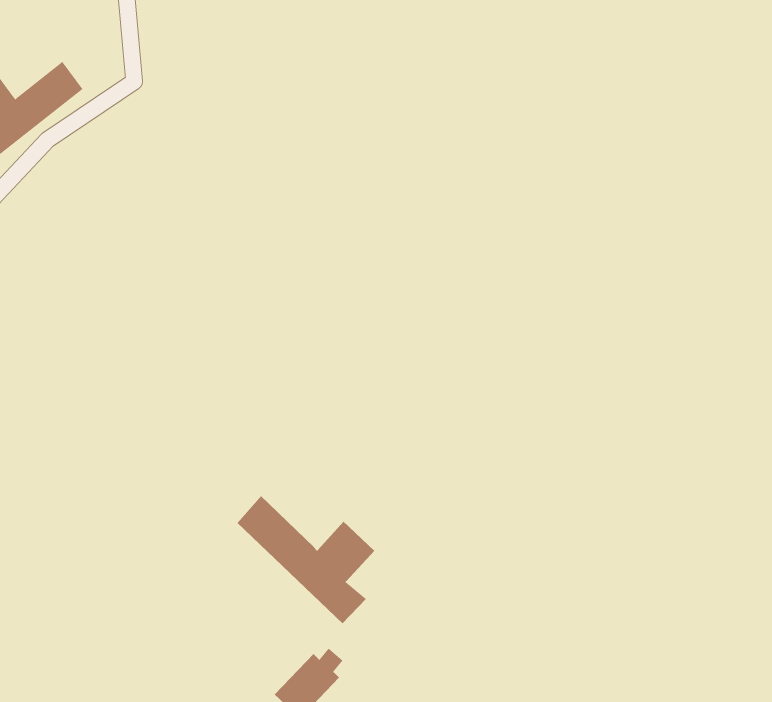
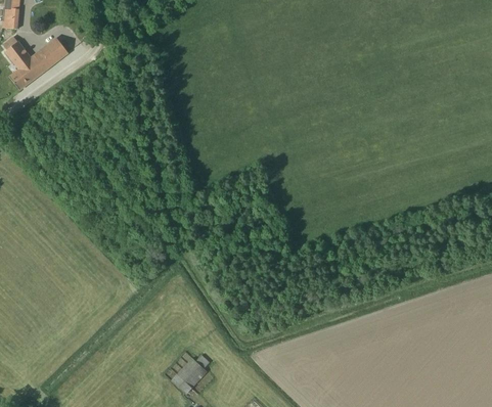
building: [237,495,375,624] -> none

